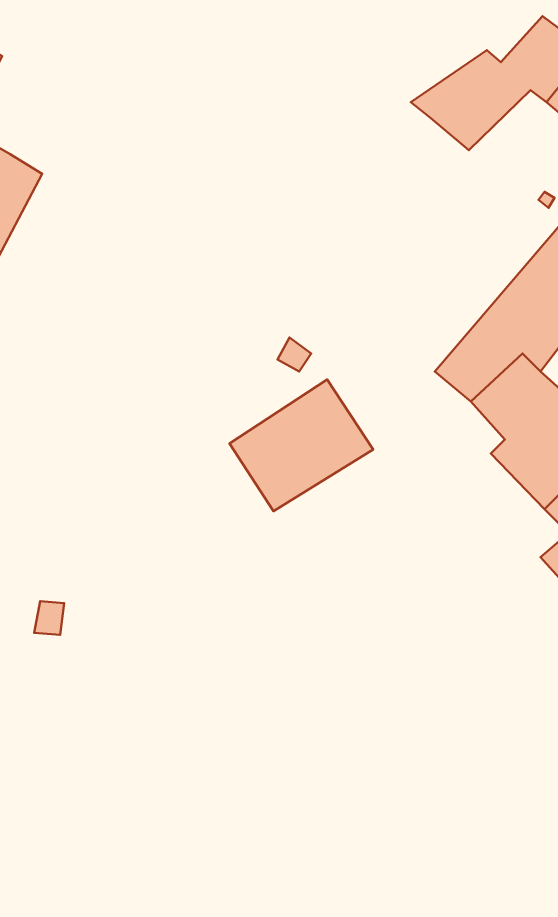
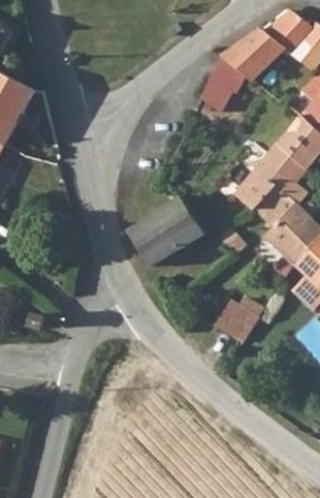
building: none -> [197,54,237,112]
building: none -> [213,301,257,344]

